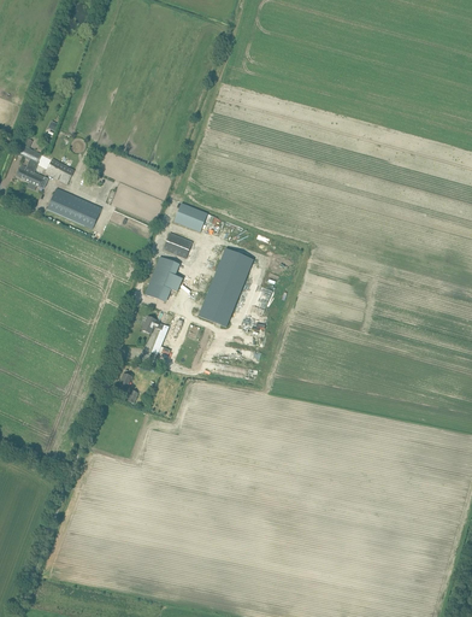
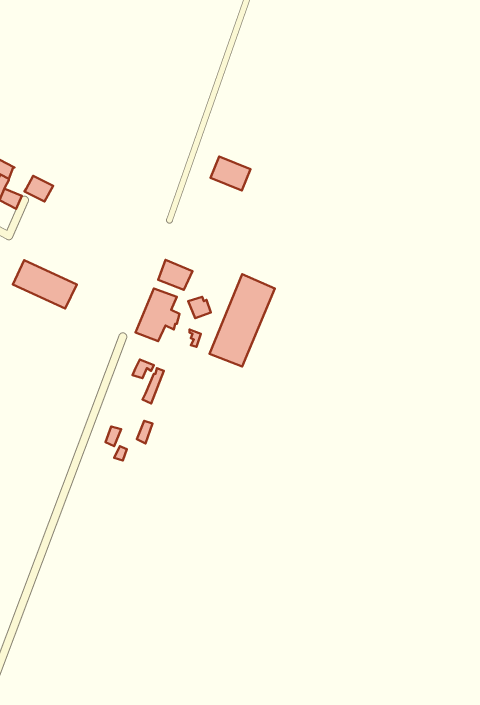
building: [46,187,100,228] -> [13,260,77,309]
building: [173,202,207,231] -> [211,156,250,191]

